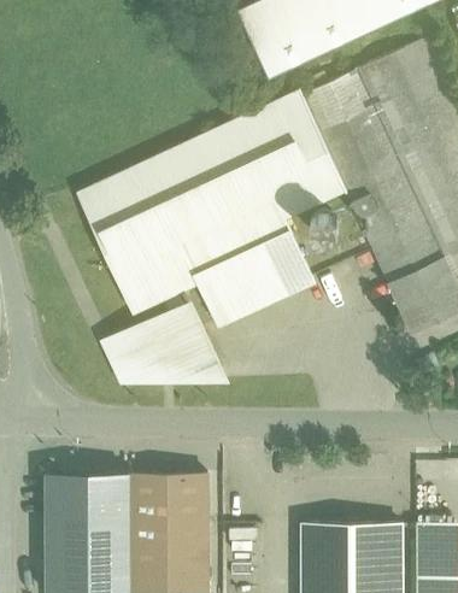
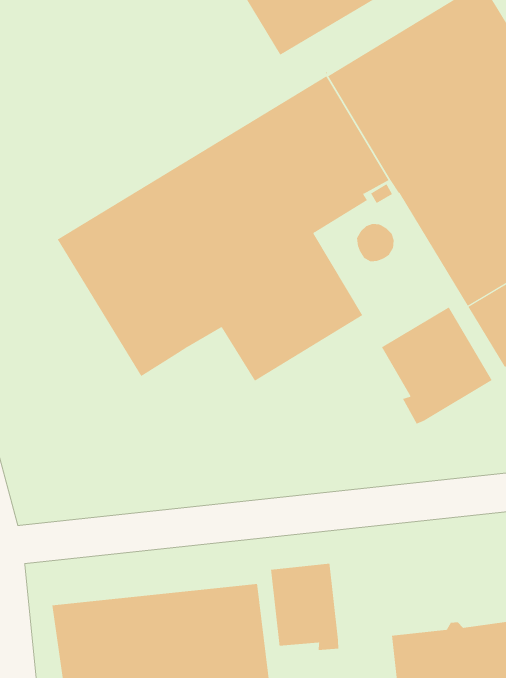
building: none -> [381,307,493,424]
building: [108,290,219,378] -> none
building: none -> [270,563,339,651]

